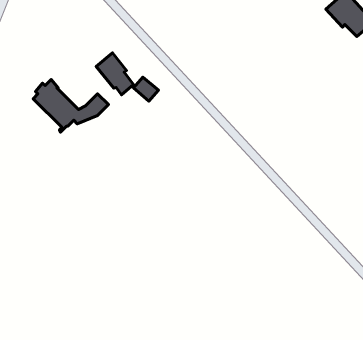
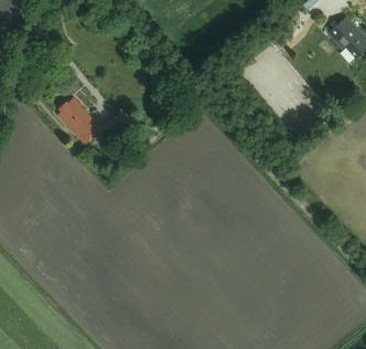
building: [96,53,134,95] -> none

